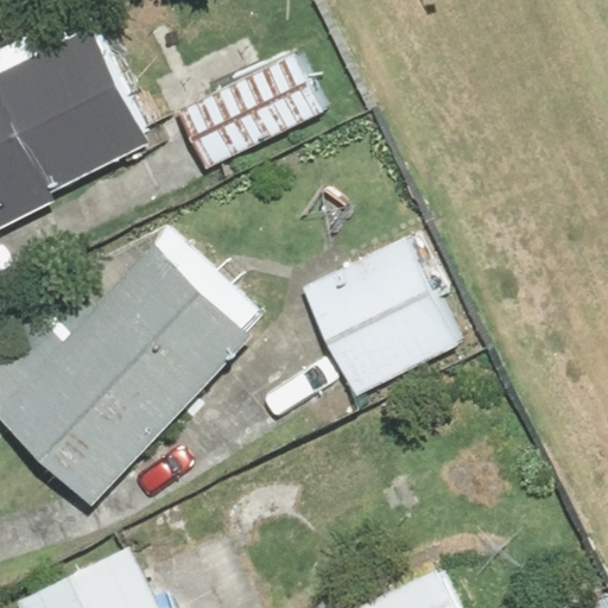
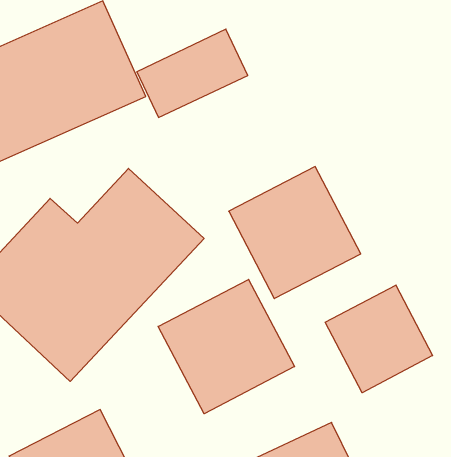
building: none -> [158,279,295,414]
building: none -> [325,285,433,393]

